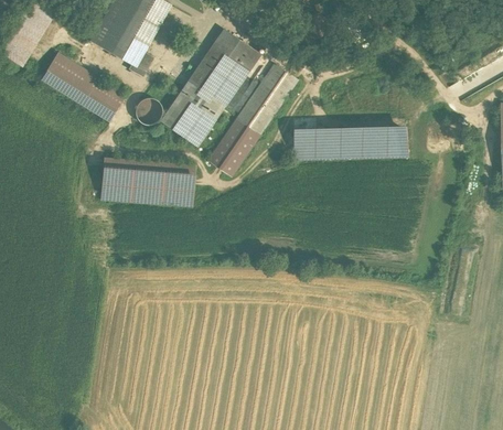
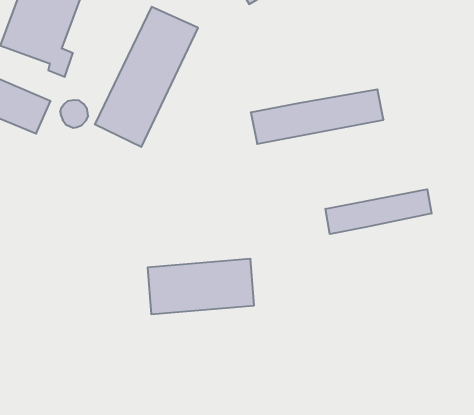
building: [206,64,297,176] -> none
building: [103,159,194,205] -> [148,259,254,314]
building: none -> [325,189,432,234]

